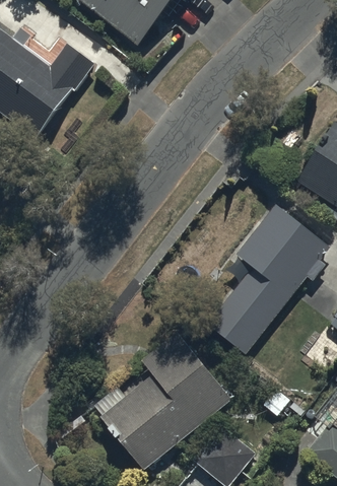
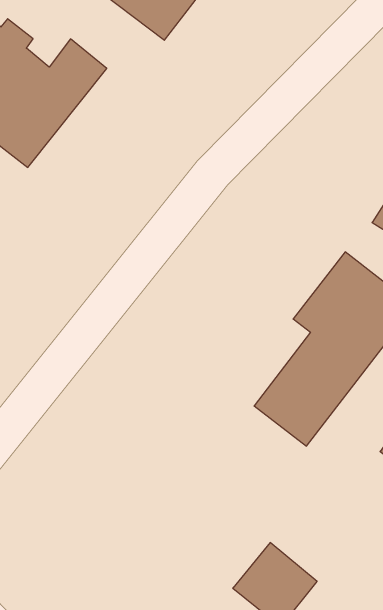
building: [92,333,231,470] -> none

